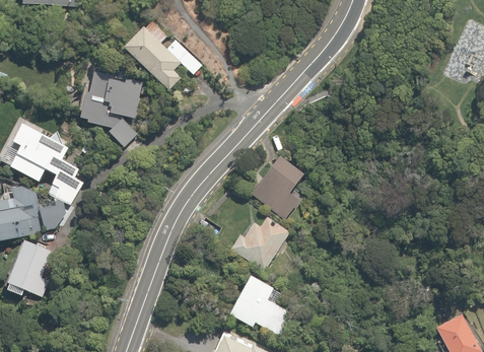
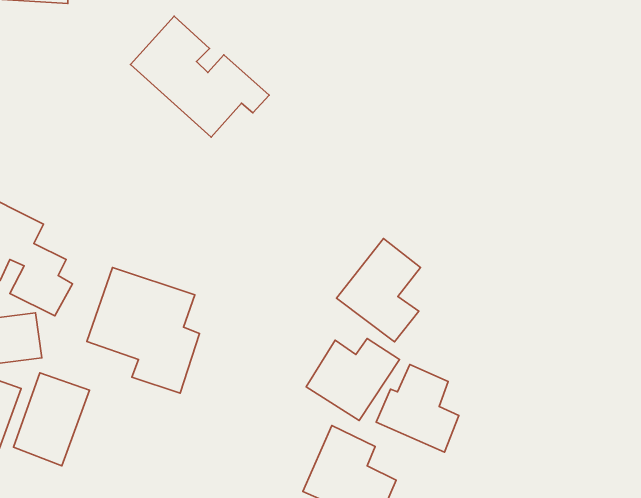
building: [75,68,146,147] -> [87,268,200,393]
building: none -> [376,365,459,452]
building: none -> [13,373,89,466]

